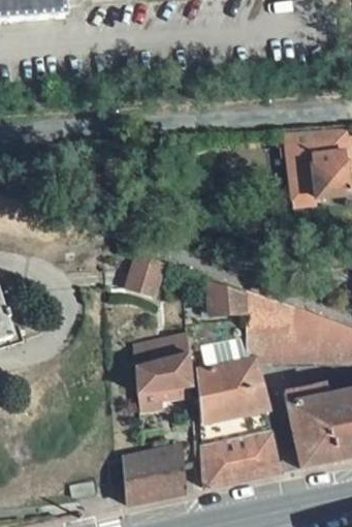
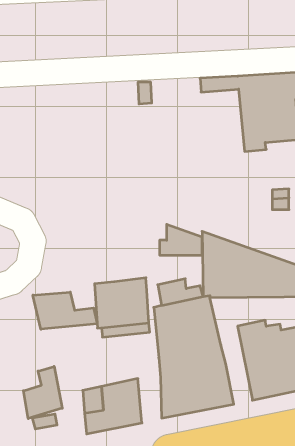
building: [126,247,159,289] -> none
building: none -> [33,292,97,329]
building: none -> [23,366,62,419]

